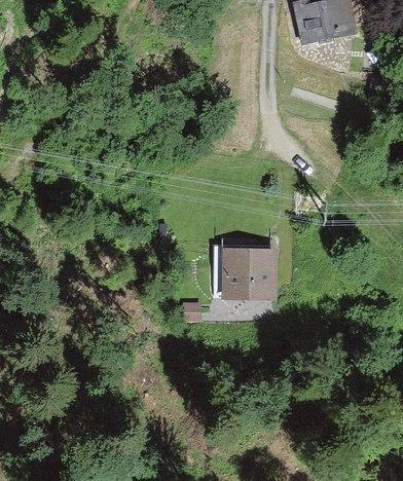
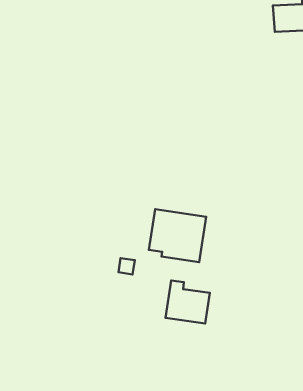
building: none -> [166,280,210,324]

